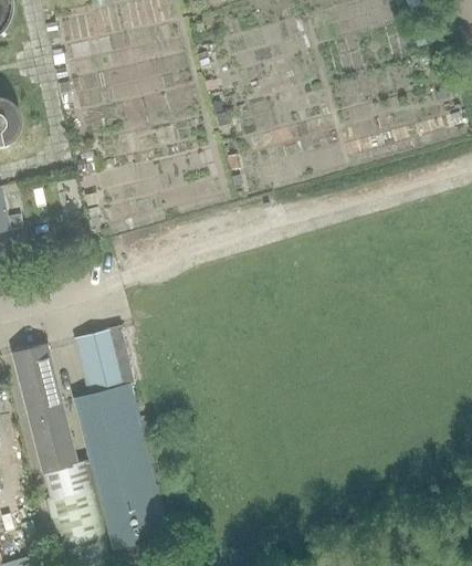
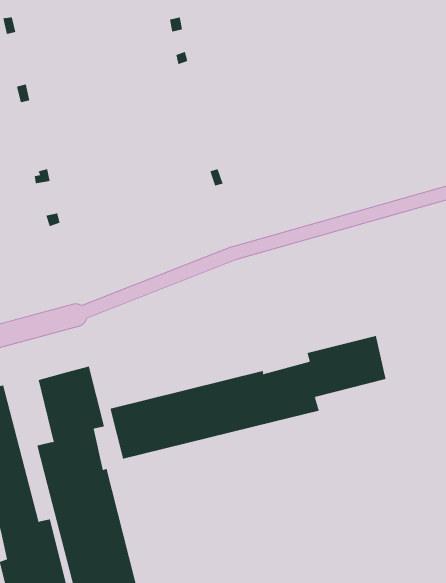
building: none -> [110,335,386,459]

